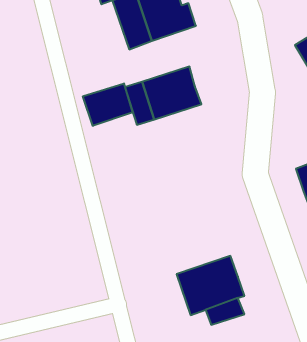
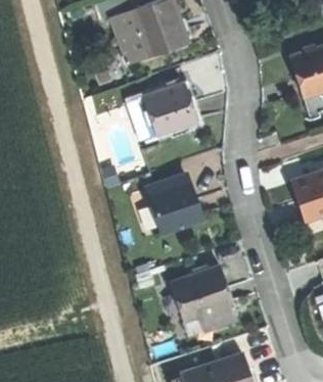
building: [83,83,132,126] -> none
building: none -> [150,183,201,232]

